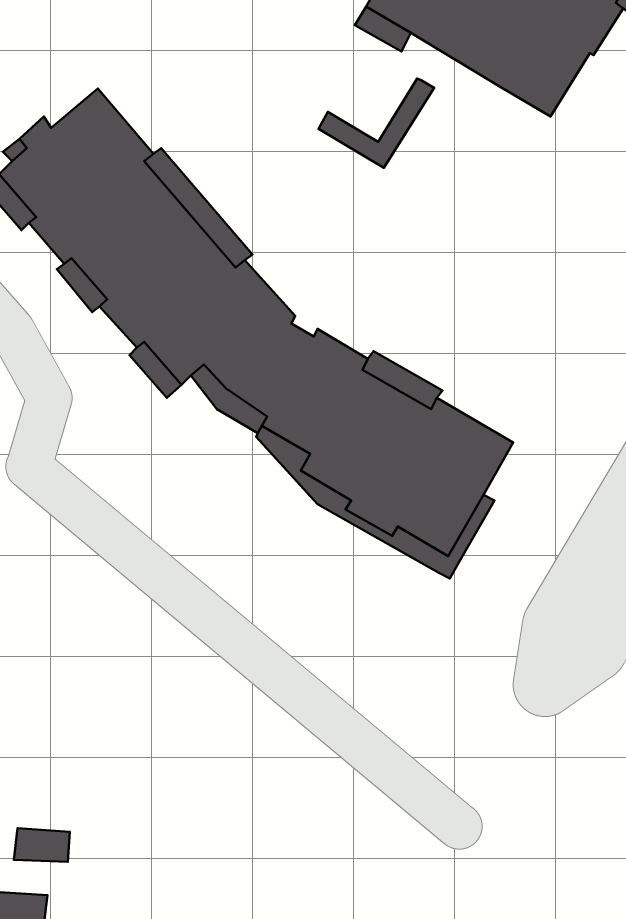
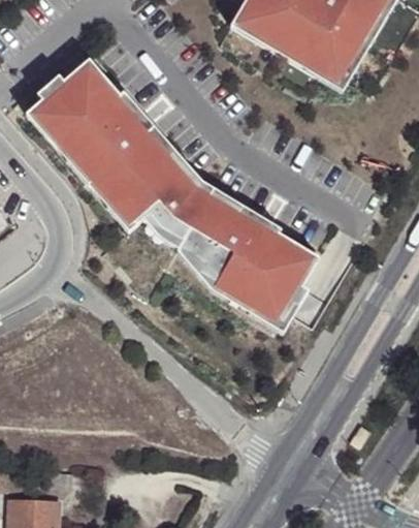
building: [319,78,434,168] -> [305,38,369,88]

